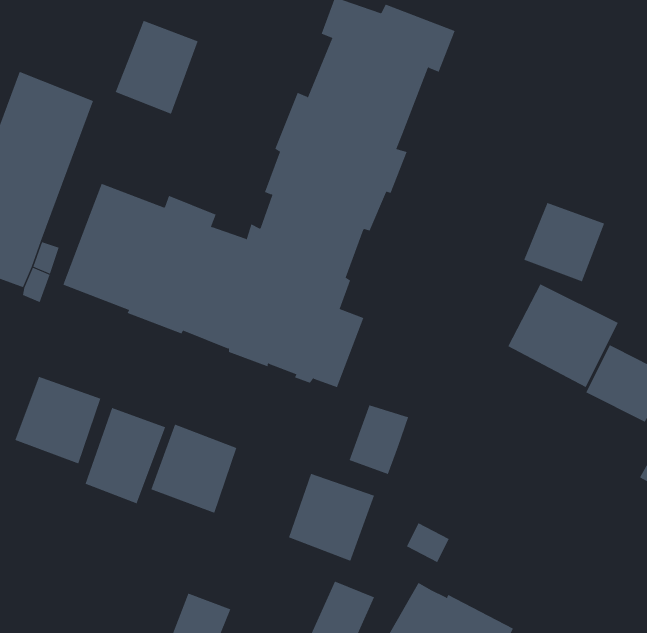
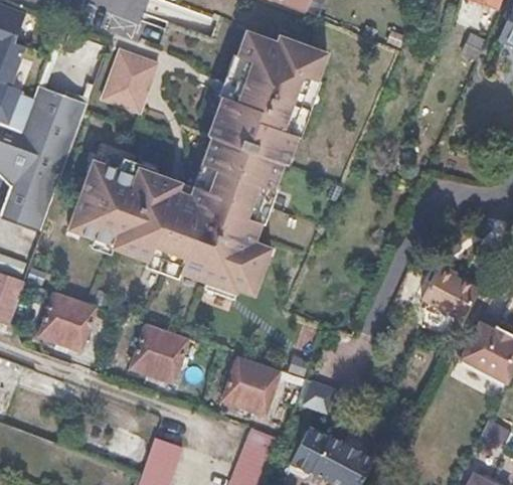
building: [523,202,605,282] -> none
building: [507,283,618,388] -> none
building: [349,404,409,475] -> none
building: [85,407,166,504] -> none

